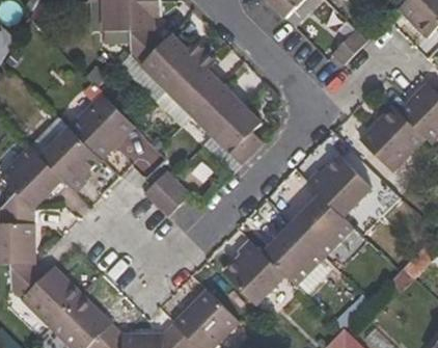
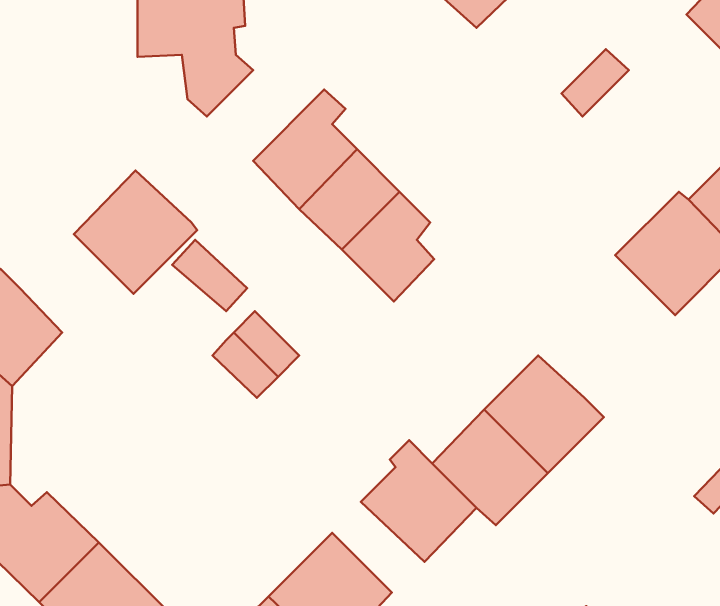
building: [139,33,202,88] -> none
building: [38,128,100,193] -> none
building: [306,154,372,216] -> none

